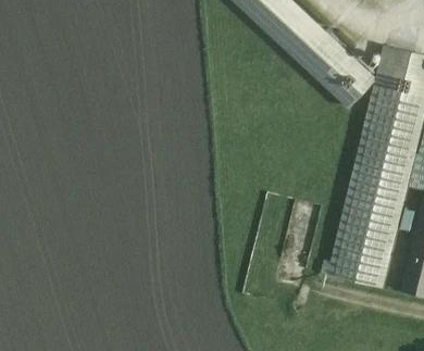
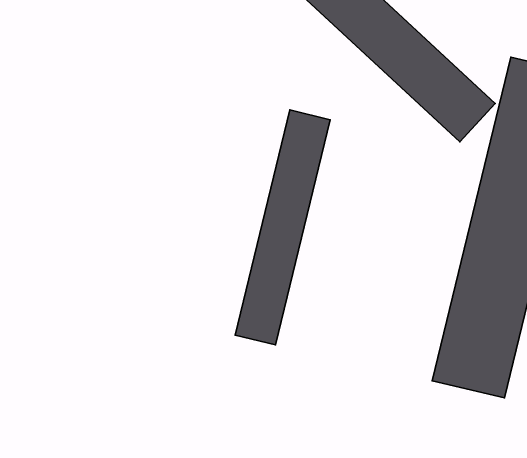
building: none -> [235,110,330,345]

